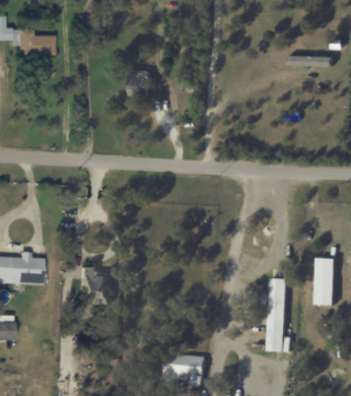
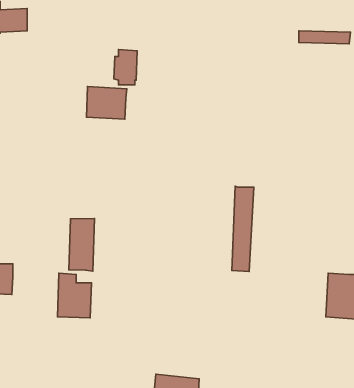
building: none -> [87,87,127,119]
building: none -> [69,219,94,271]
building: [267,277,286,351] -> [232,186,254,272]

